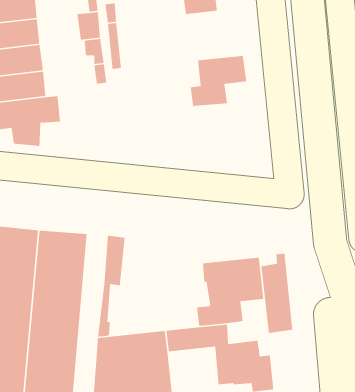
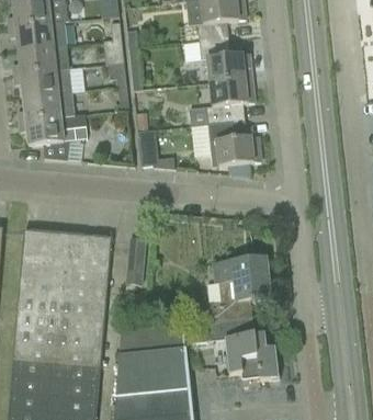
building: none -> [199,37,251,81]
building: none -> [207,118,260,175]
building: none -> [137,128,158,166]
building: [261,253,293,334] -> none

